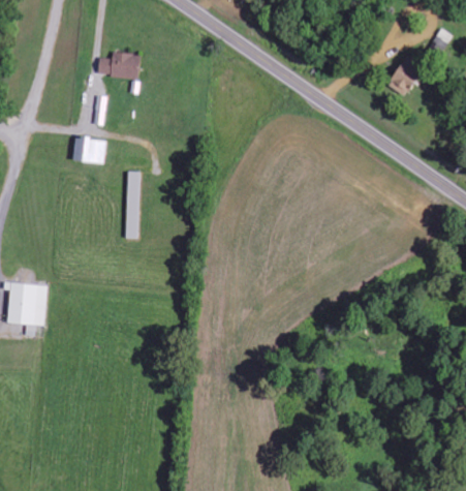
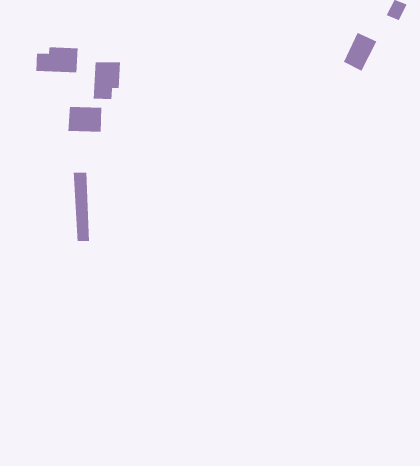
building: none -> [93,61,121,100]
building: [72,137,106,164] -> [68,106,102,133]

